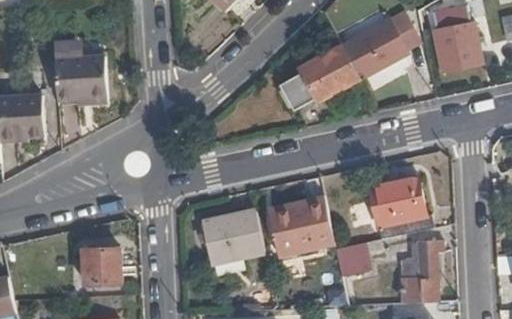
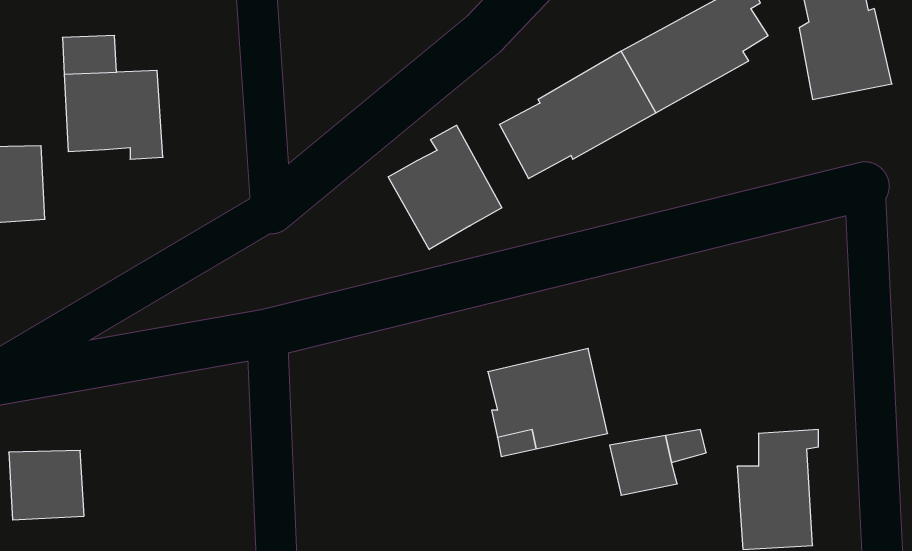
building: none -> [388,125,502,250]
building: [369,174,434,239] -> none
building: [202,211,263,263] -> none
building: [83,249,122,285] -> [9,450,84,520]

